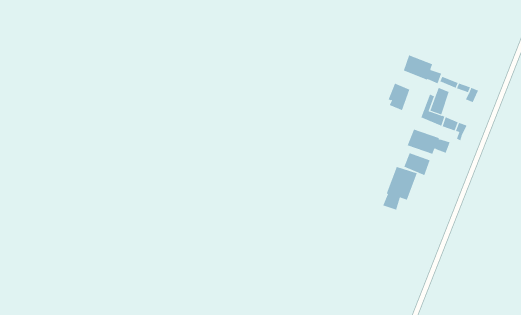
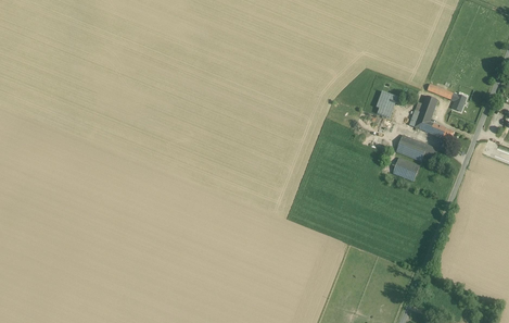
building: [403,54,442,84] -> none
building: [382,166,417,211] -> none

